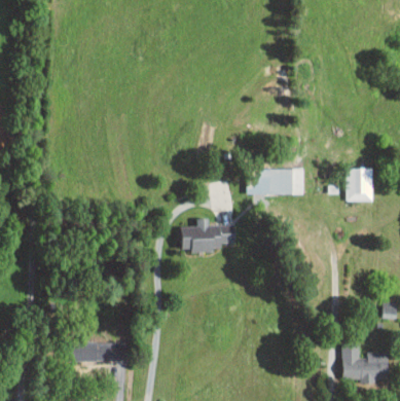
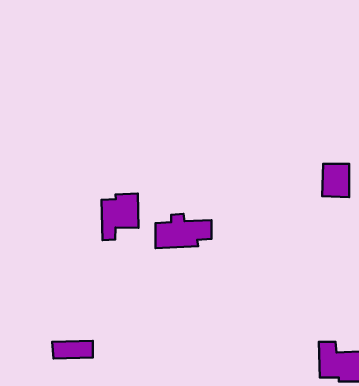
building: [247,171,303,194] -> none
building: none -> [101,193,139,240]

